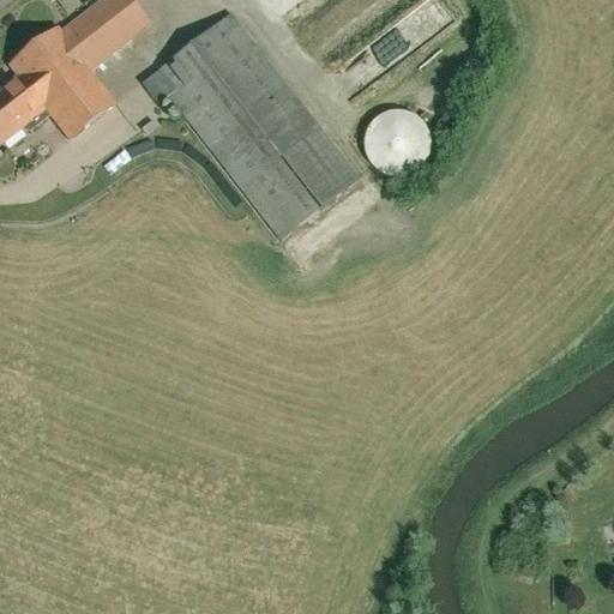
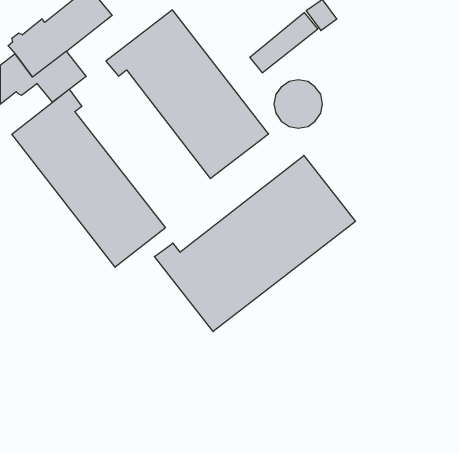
building: none -> [12,89,165,267]
building: none -> [154,155,355,332]

